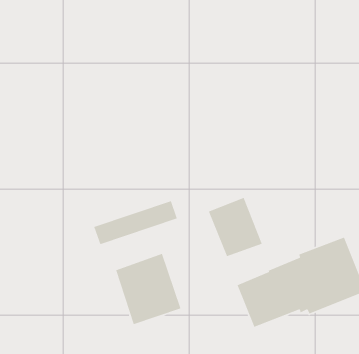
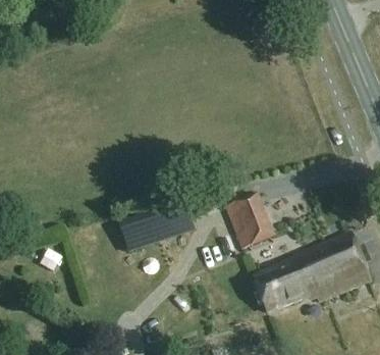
building: [115,253,181,325] -> none

